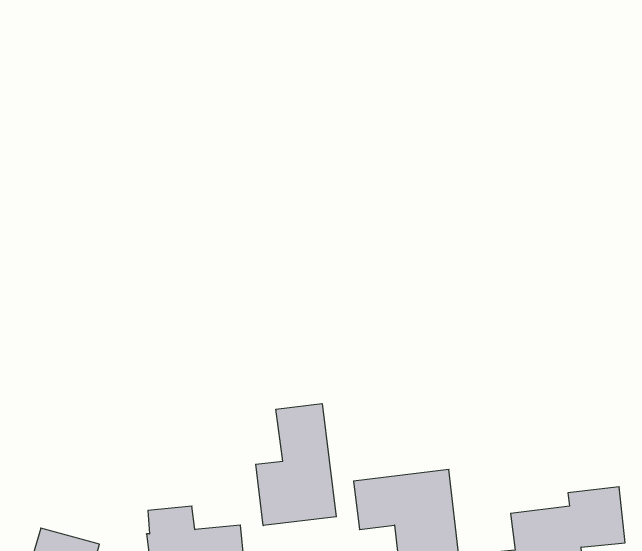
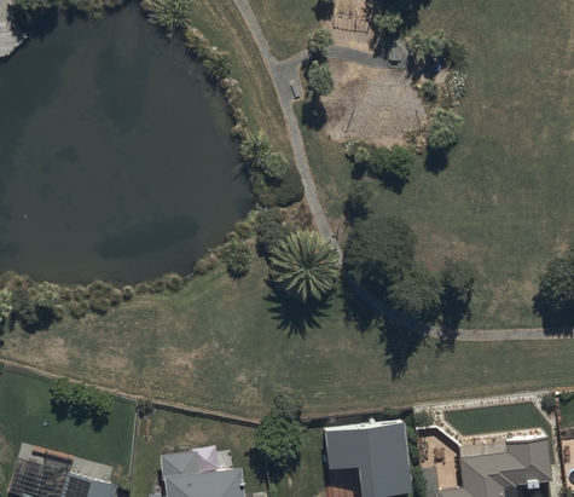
building: [256,404,336,526] -> none

